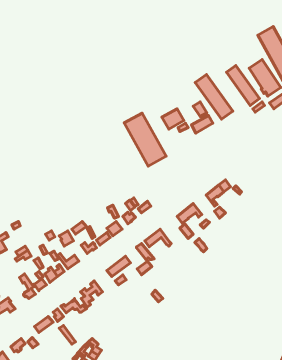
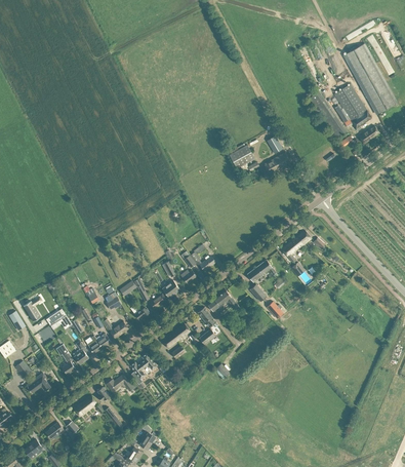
building: [195,75,233,119] -> none
building: [124,113,166,166] -> none

